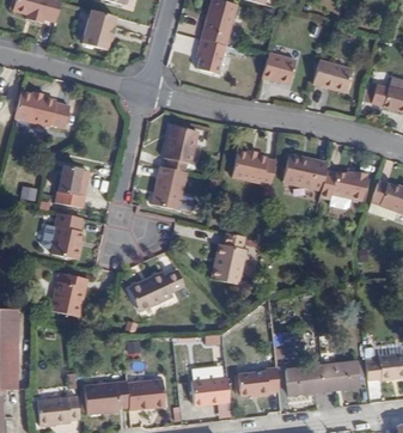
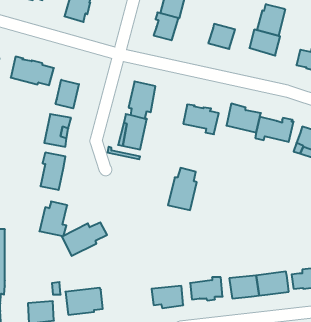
building: none -> [257,4,285,36]
building: none -> [56,80,79,108]
building: [130,269,187,311] -> [62,222,107,256]
building: [128,380,164,410] -> none

